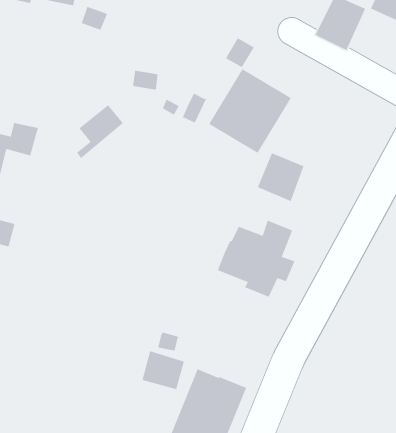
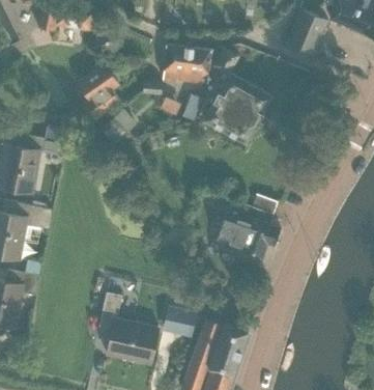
building: none -> [163,45,211,83]
building: none -> [77,63,120,122]
building: [257,152,305,202] -> none
building: none -> [99,292,156,366]

